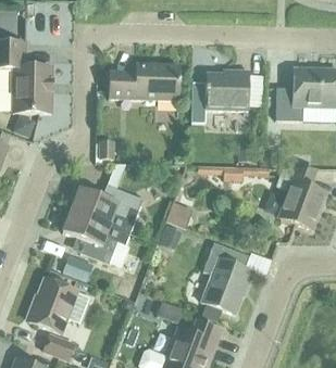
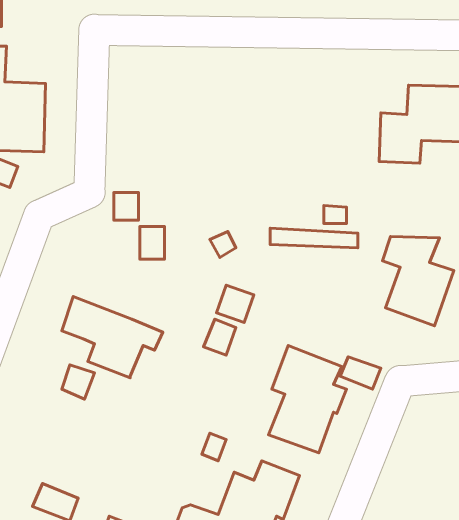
building: [109,63,179,99] -> none
building: [192,69,249,120] -> none
building: [71,183,144,232] -> none
building: [28,278,89,332] -> none

